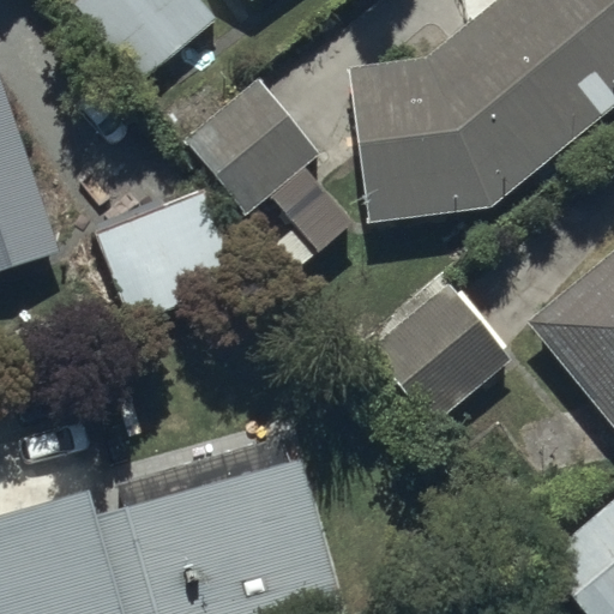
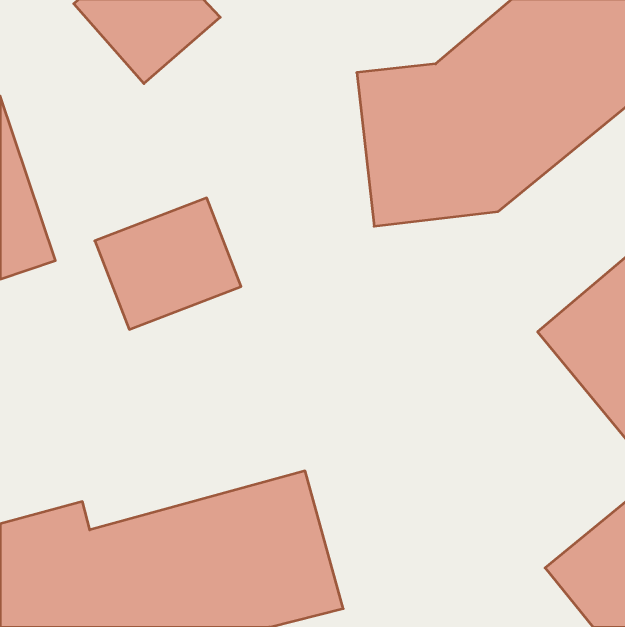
building: [185,78,319,213] -> none
building: [371,285,508,423] -> none

